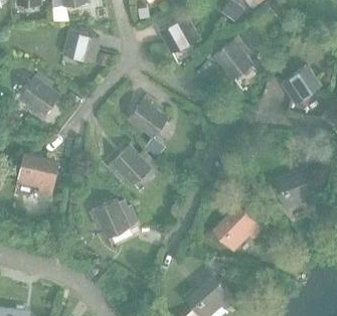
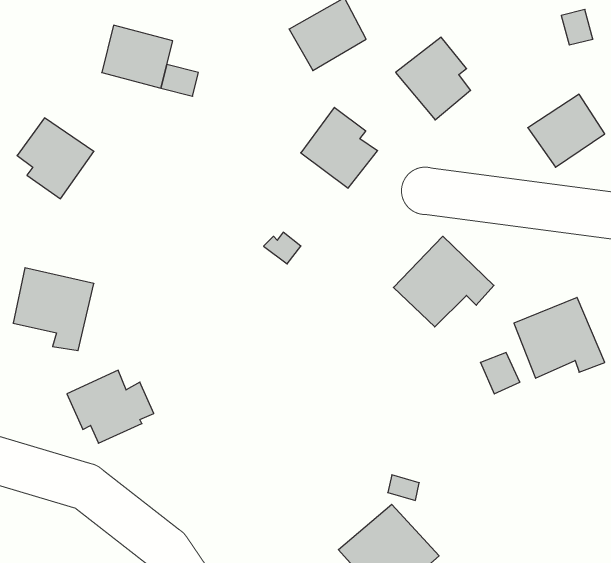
building: [129,96,168,137] -> [301,107,378,188]
building: [109,146,156,184] -> none
building: [91,200,135,238] -> [67,370,154,443]
building: [211,203,263,250] -> [393,236,494,327]

